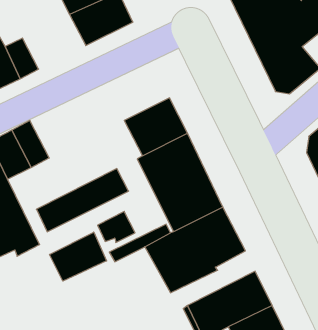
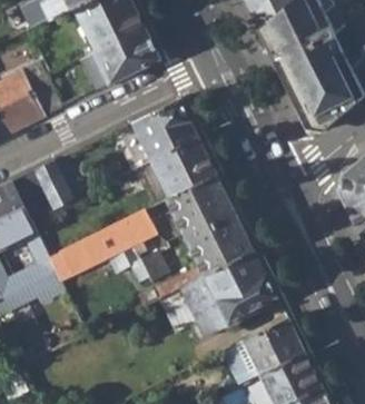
building: none -> [134,96,199,158]
building: [50,232,107,281] -> none

